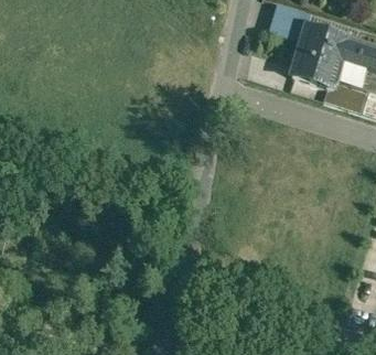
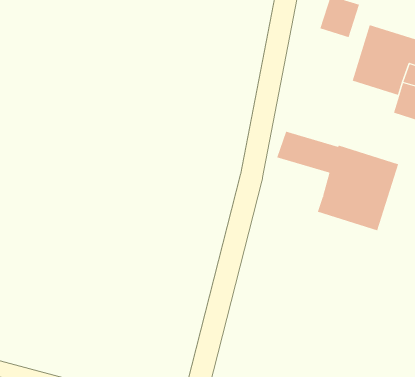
building: none -> [277,131,399,231]

